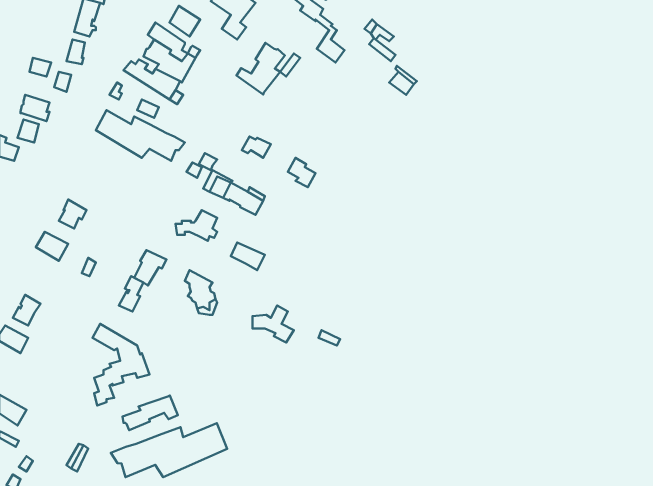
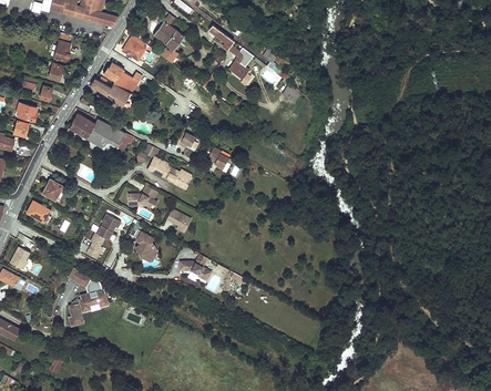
building: [236,43,285,95] -> none
building: [122,395,178,430] -> none
building: [111,423,227,477] -> none

